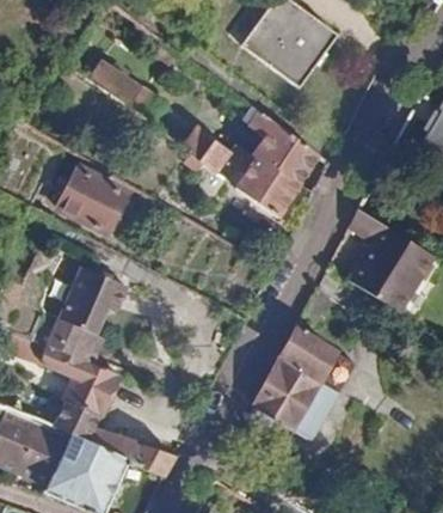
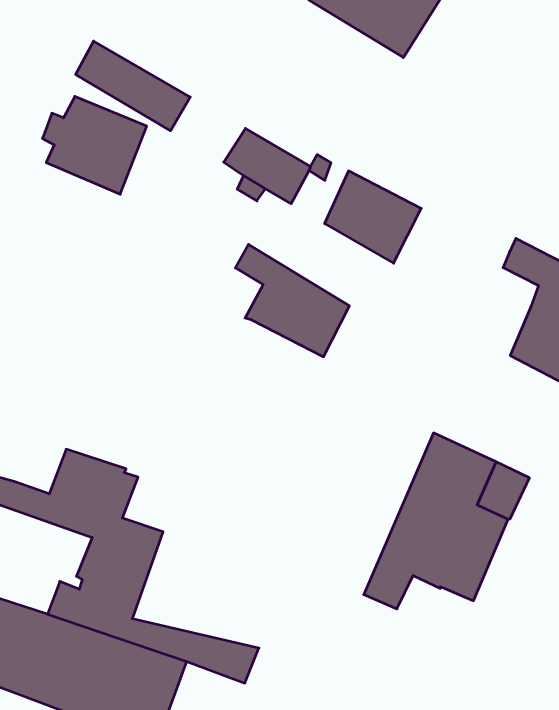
building: [248,108,319,183] -> [235,244,349,357]
building: [61,165,128,230] -> [42,96,147,194]
building: [62,268,130,334] -> none

